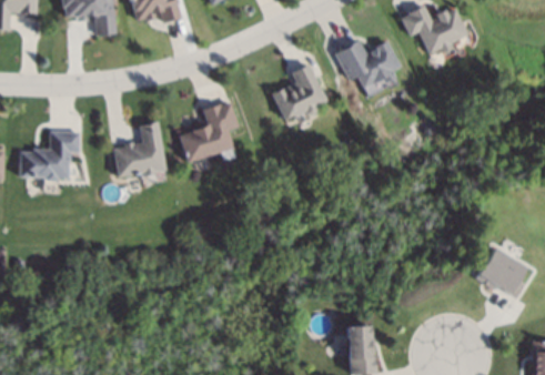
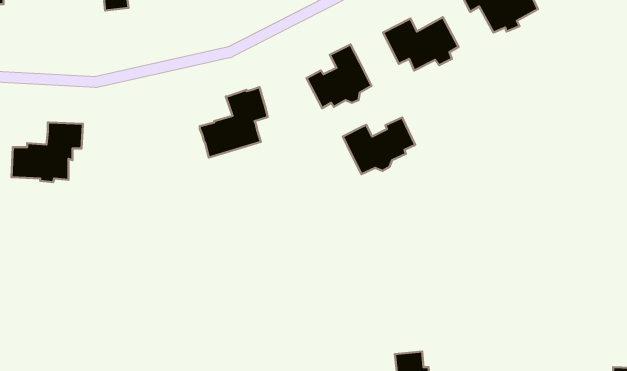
building: [112,121,163,176] -> none
building: none -> [343,117,415,174]
building: [477,247,527,298] -> none

